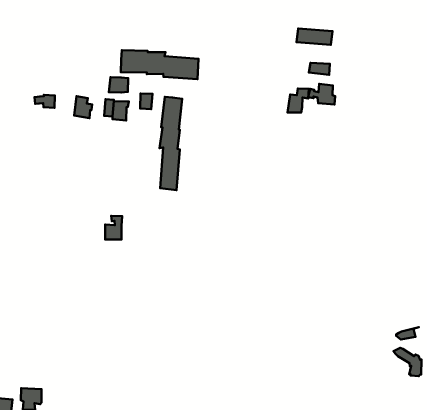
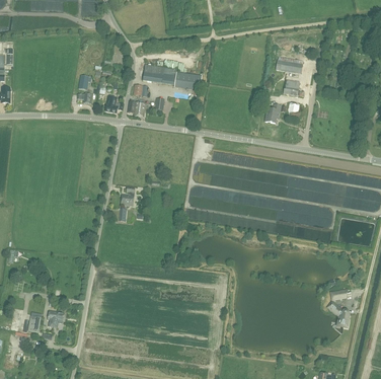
building: [160,97,182,190] -> none

